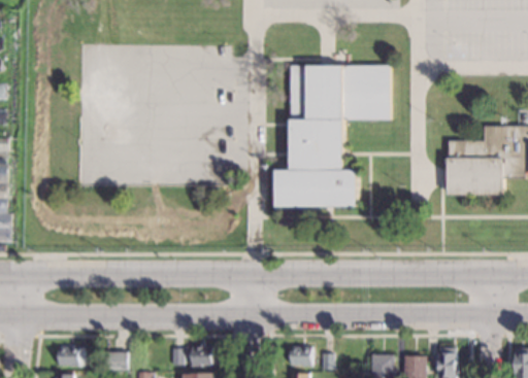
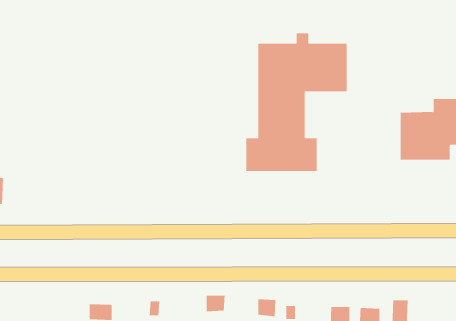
building: [57,344,85,366] -> none
building: [190,347,211,366] -> [206,295,226,312]

